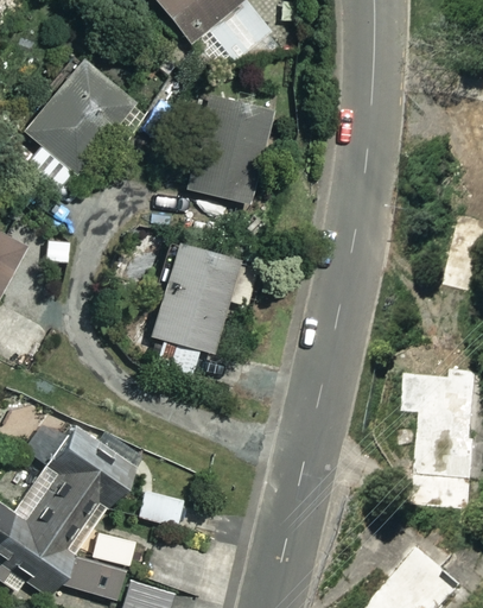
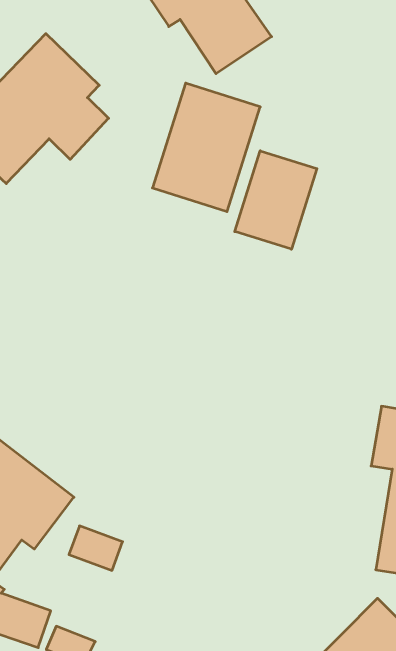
building: none -> [235,151,317,249]
building: [148,241,239,378] -> none

